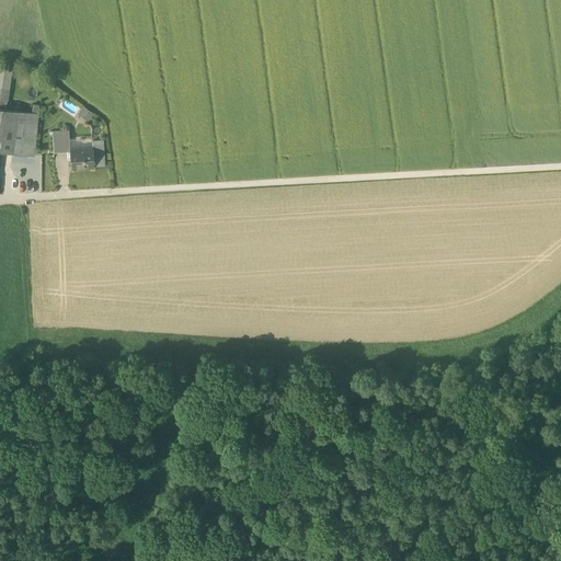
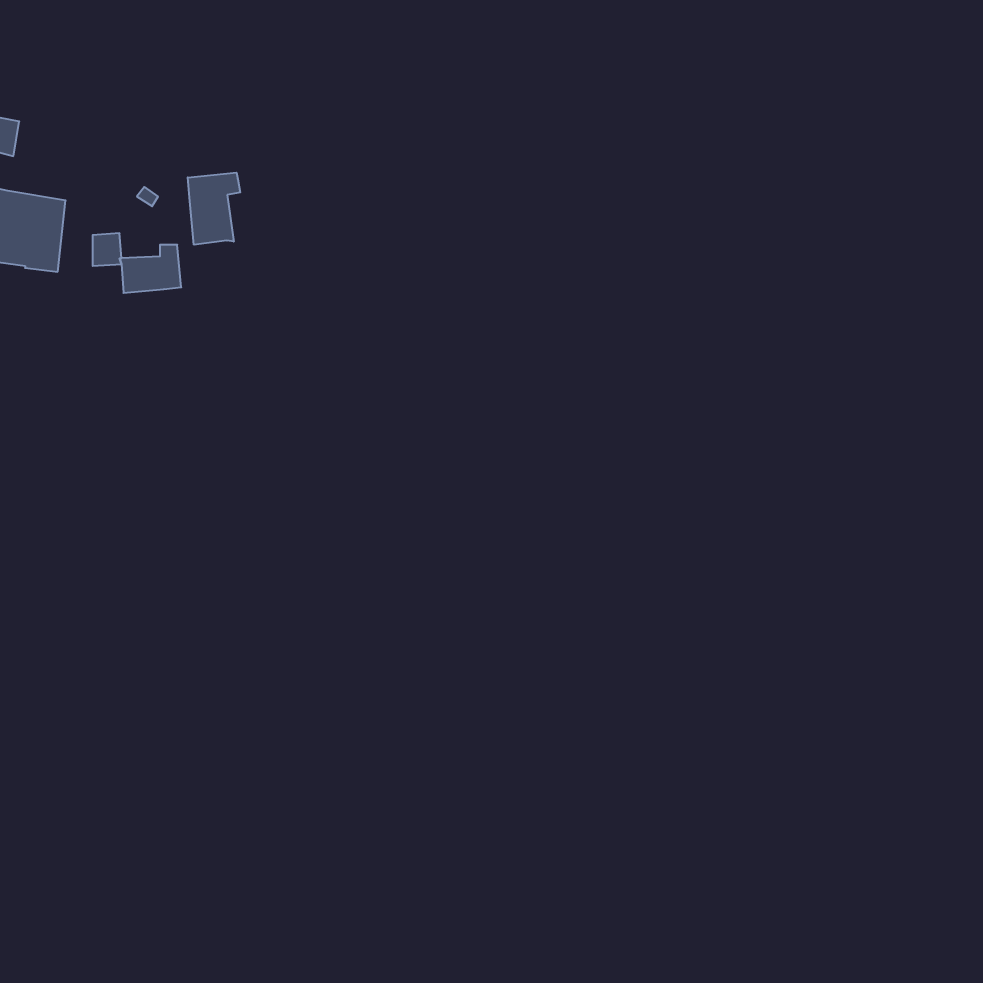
building: none -> [188,173,240,245]

